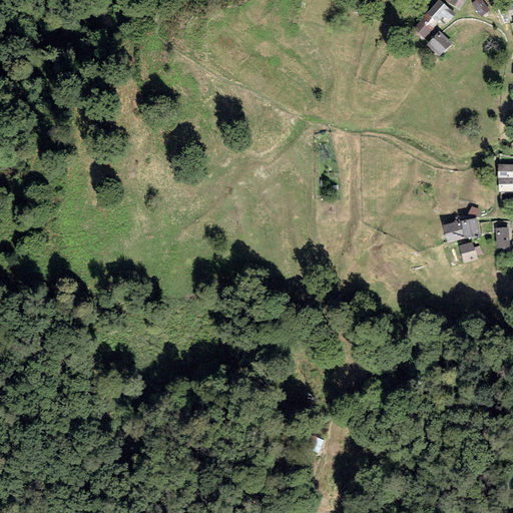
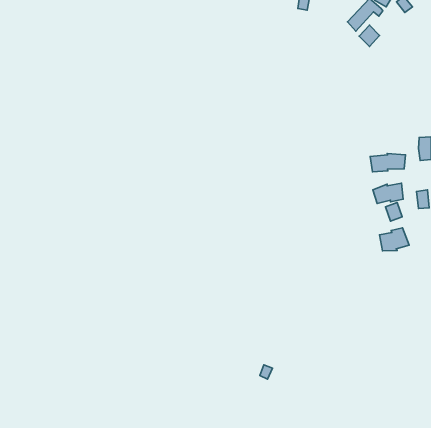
building: none -> [370,153,406,172]
building: none -> [379,228,409,251]

